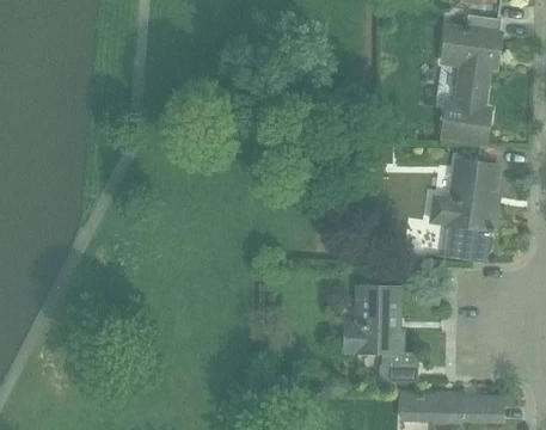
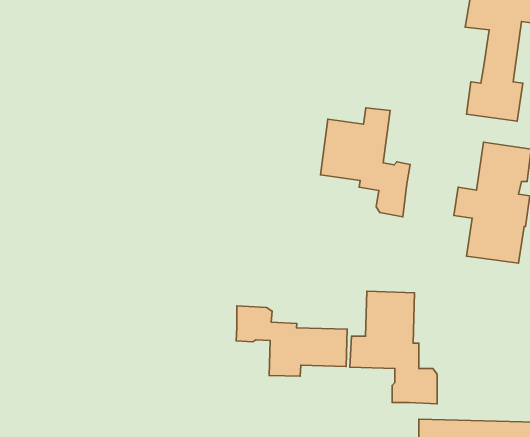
building: none -> [320,108,410,217]
building: none -> [236,306,347,376]

